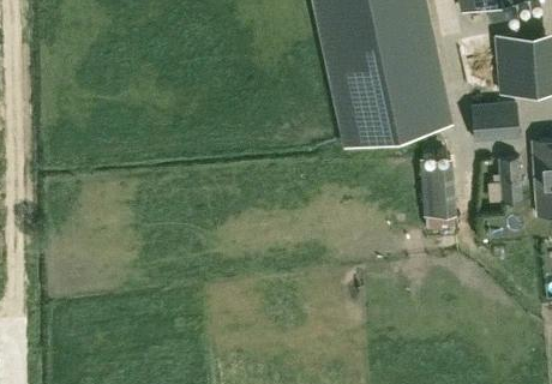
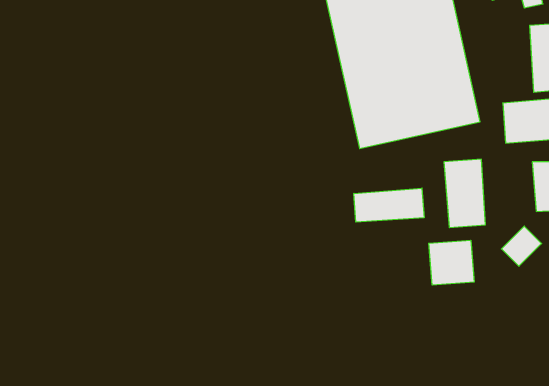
building: none -> [354,188,424,222]
building: none -> [429,240,474,285]

